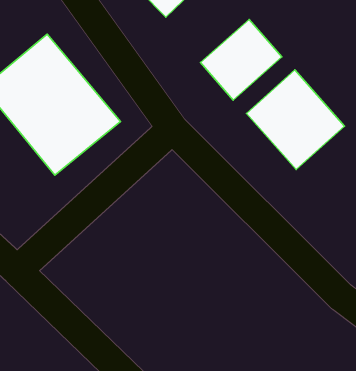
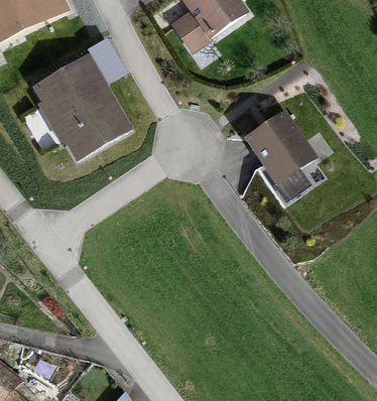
building: [201,19,282,100] -> none

